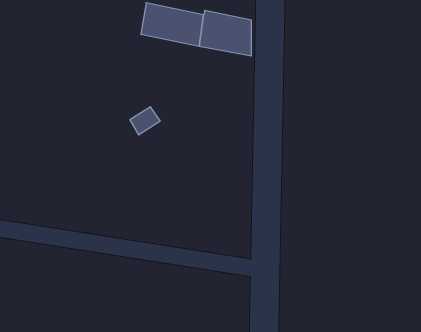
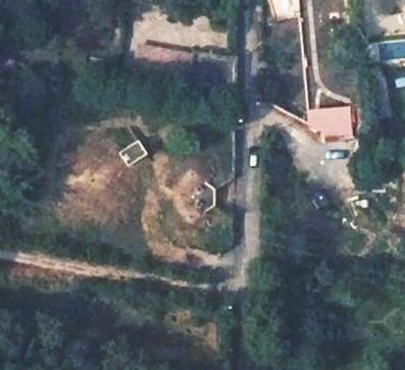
building: none -> [308,102,354,134]

